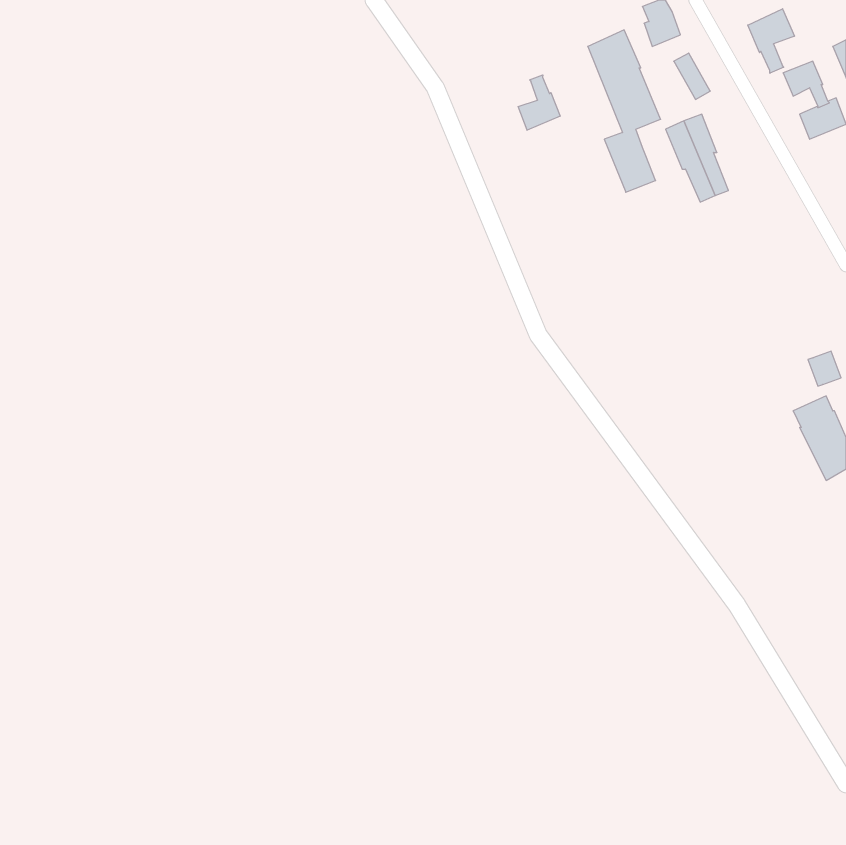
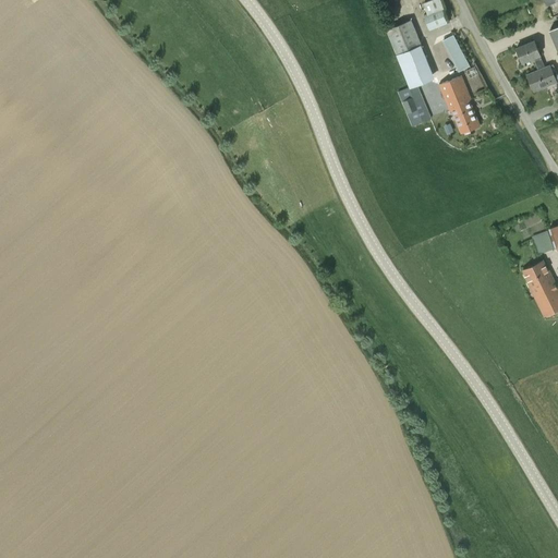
building: [748,9,794,73] -> none
building: [518,75,560,130] -> none

